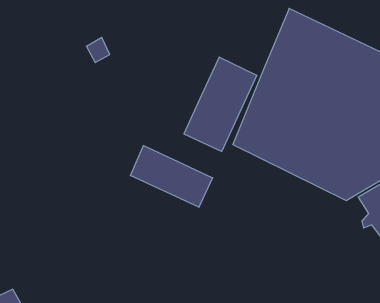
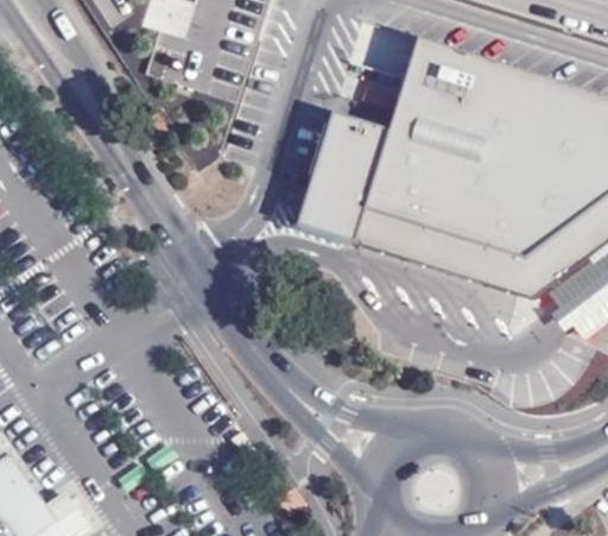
building: [130,146,213,207] -> none

